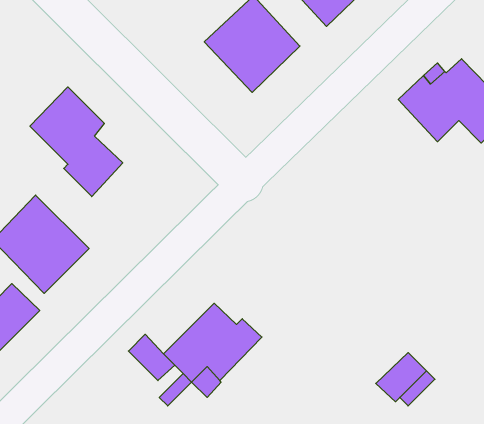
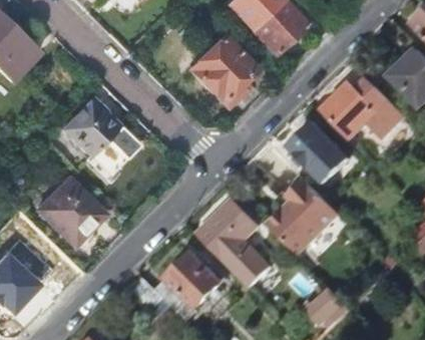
building: none -> [292,121,348,179]
building: none -> [268,176,339,253]
building: none -> [196,196,271,286]

